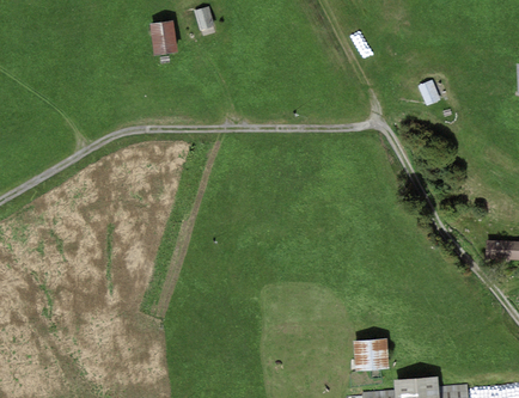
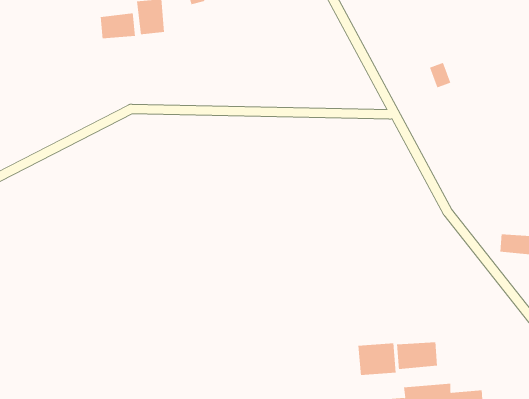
building: none -> [100,13,135,39]
building: none -> [397,342,437,370]

